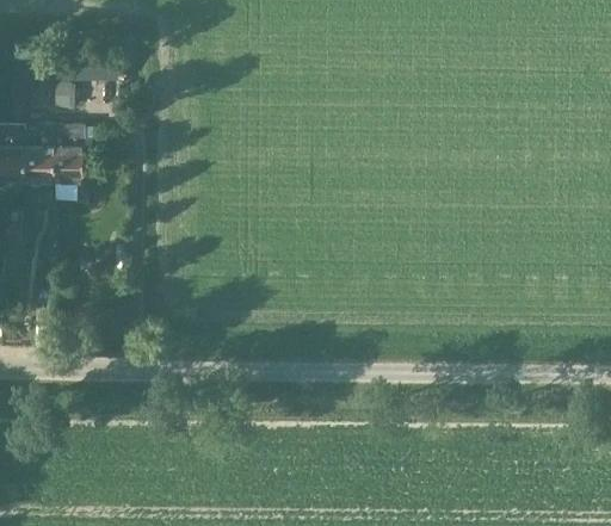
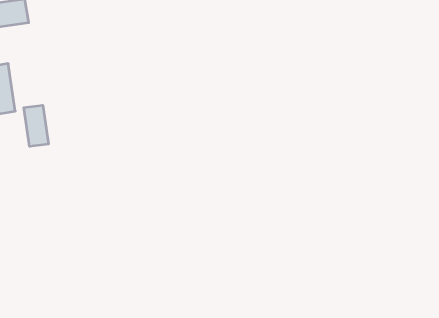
building: none -> [24,105,48,146]

